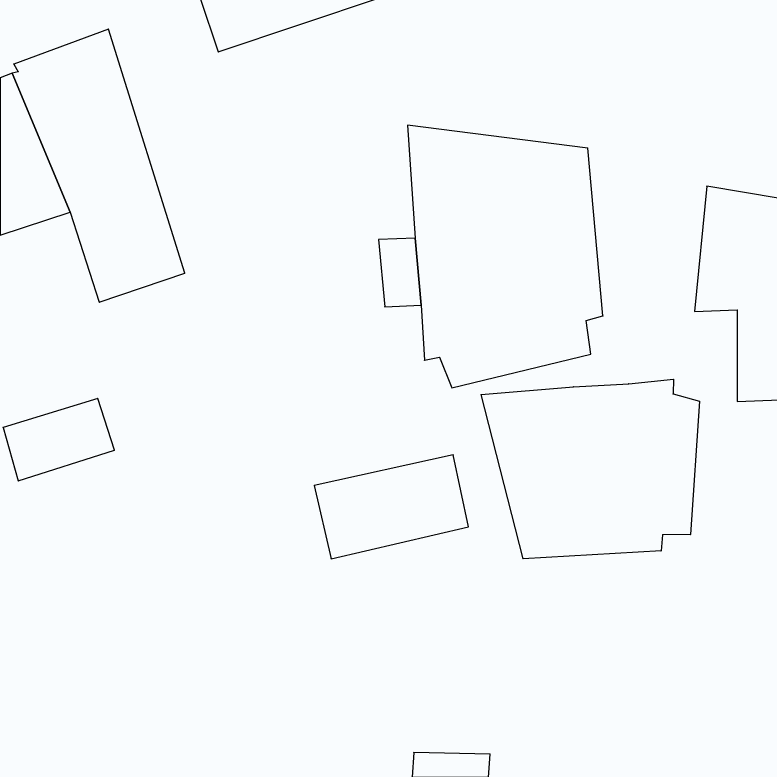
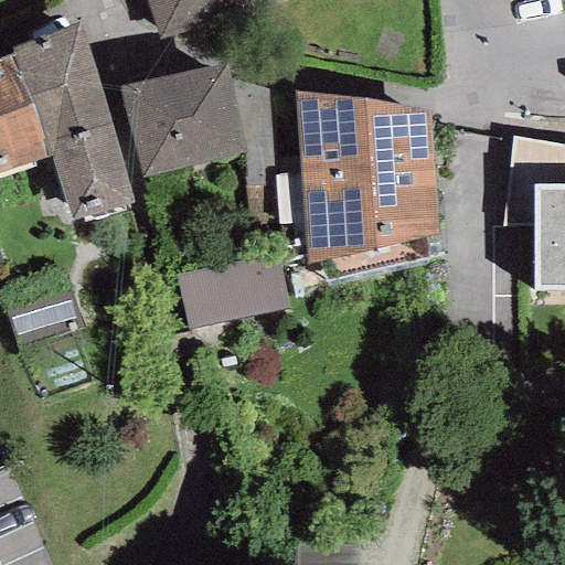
building: none -> [121,62,247,175]
building: [481,379,699,559] -> none
building: [314,455,468,559] -> [178,253,289,328]

